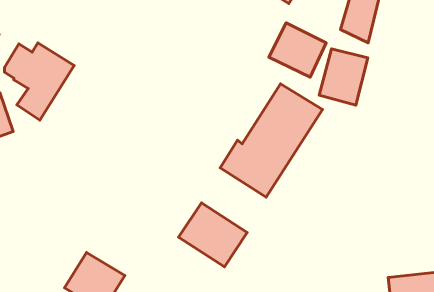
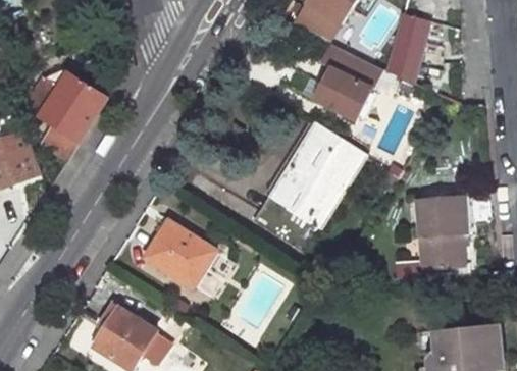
building: [319,49,368,105] -> none
building: none -> [411,196,460,270]
building: [179,203,247,267] -> [146,220,219,288]

